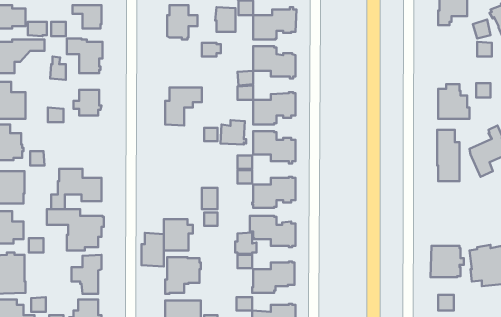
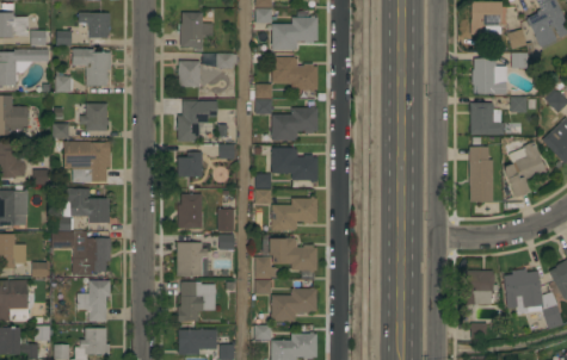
building: [215,7,235,32] -> [178,61,199,87]
building: none -> [472,58,507,94]
building: [220,120,246,145] -> [177,151,204,178]
building: none -> [64,142,110,182]
building: [142,233,164,266] -> [178,193,202,229]

